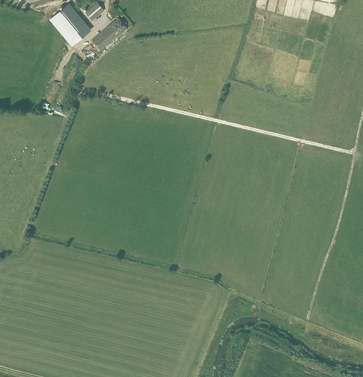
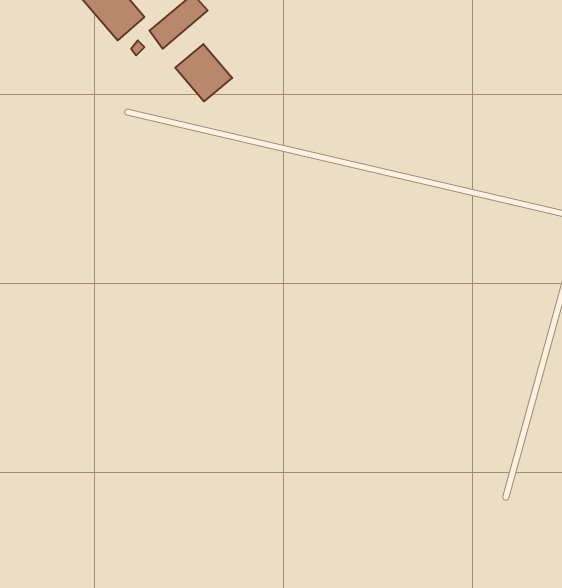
building: none -> [175,44,232,101]

